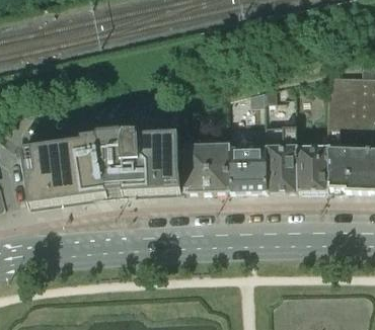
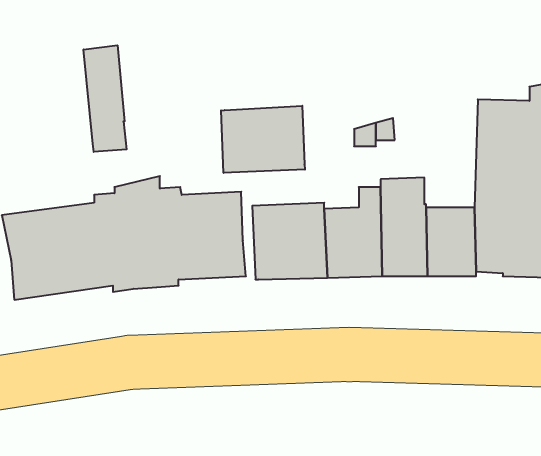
building: none -> [84,45,127,152]
building: none -> [221,106,305,173]

